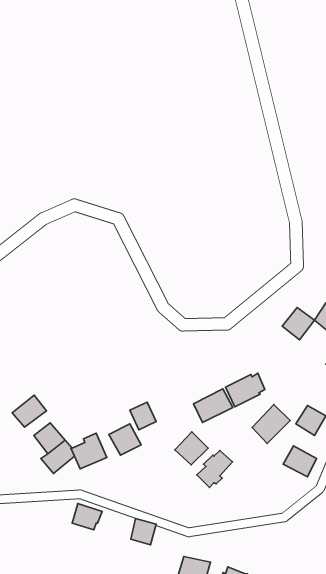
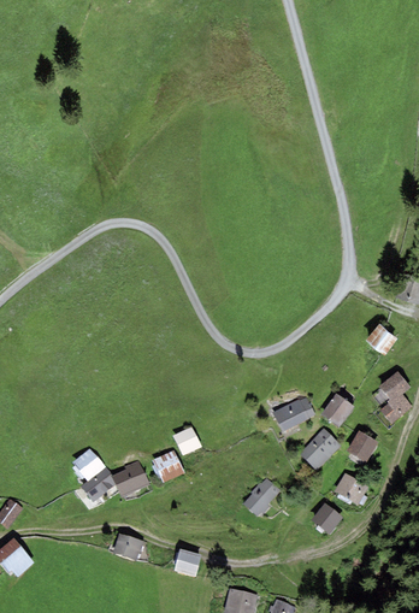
building: [282,308,314,340] -> [321,393,355,426]
building: [194,389,233,423] -> none
building: [12,395,46,427] -> none
building: [175,432,208,465] -> none
building: none -> [311,502,343,534]

